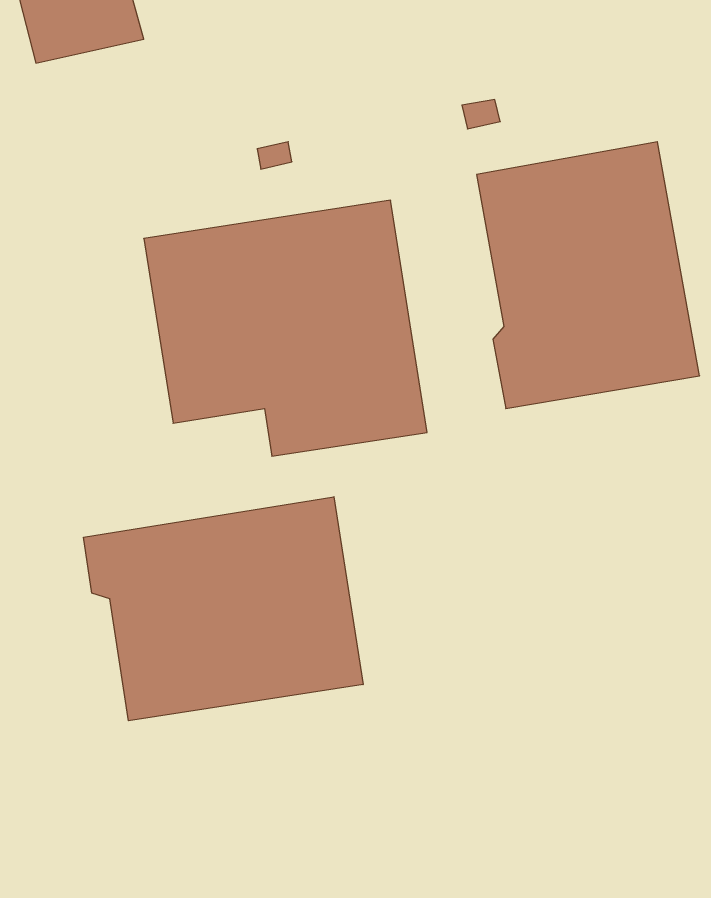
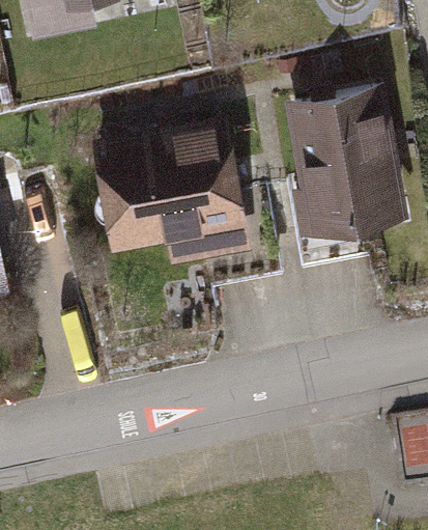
building: [84,497,363,721] -> none

